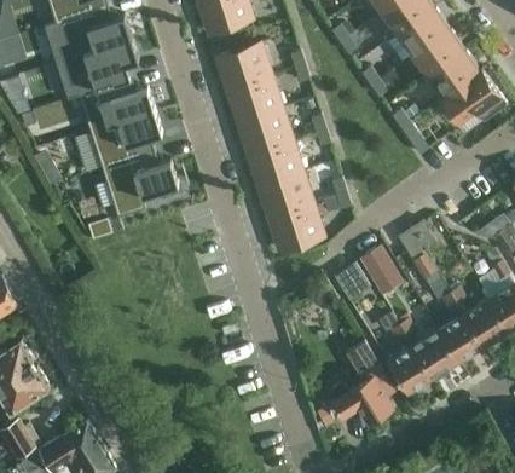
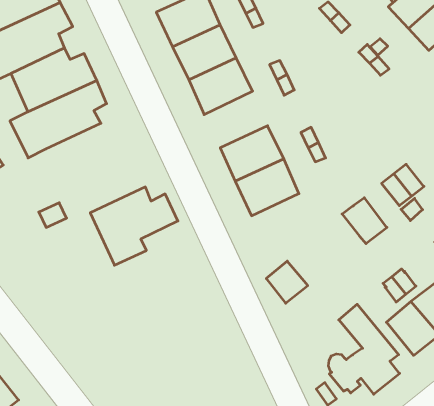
building: [247,139,302,186] -> none
building: [102,151,179,218] -> [90,187,178,265]
building: [334,263,370,300] -> [266,261,308,303]

